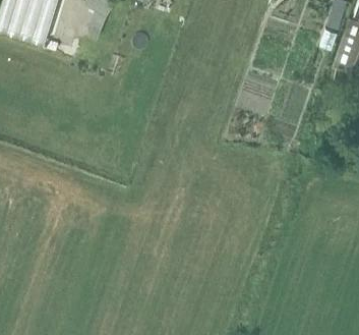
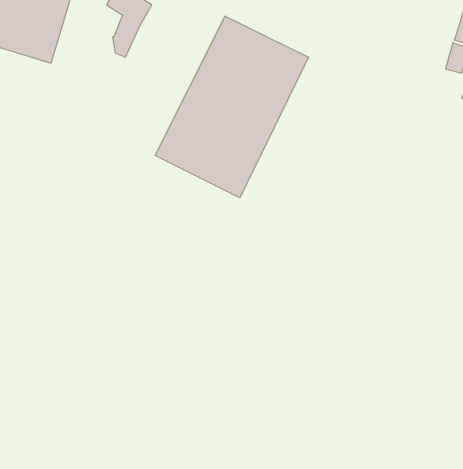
building: none -> [155,16,308,198]

